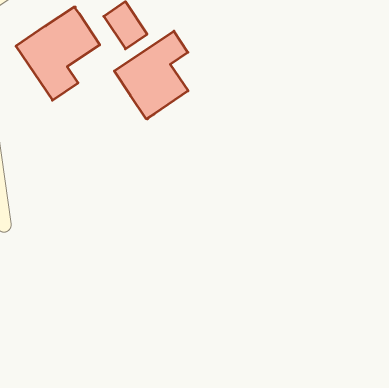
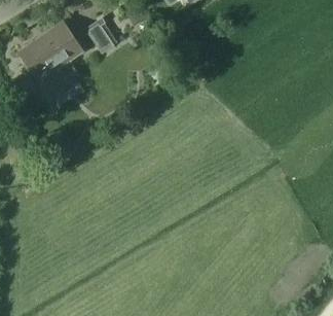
building: [114,31,188,119] -> none

